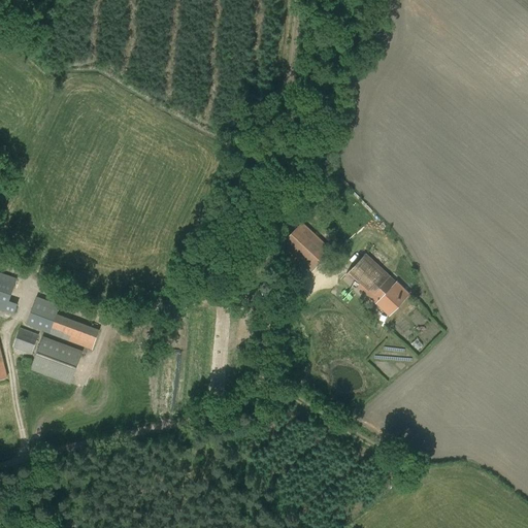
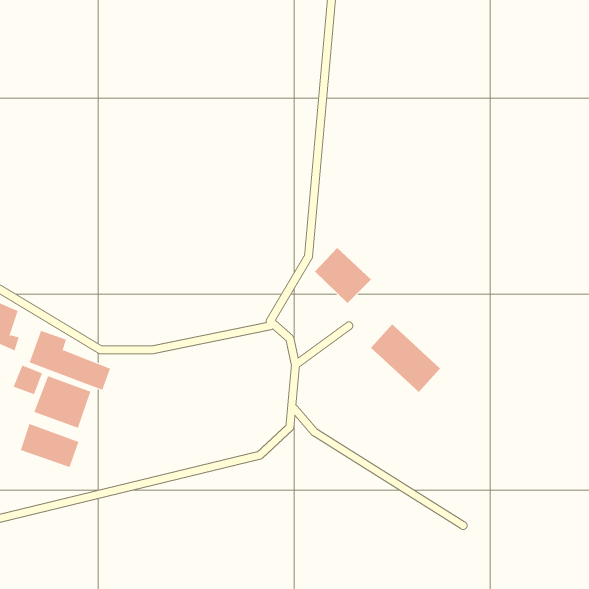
building: [345,253,408,315] -> [370,324,441,393]
building: none -> [20,423,79,468]

